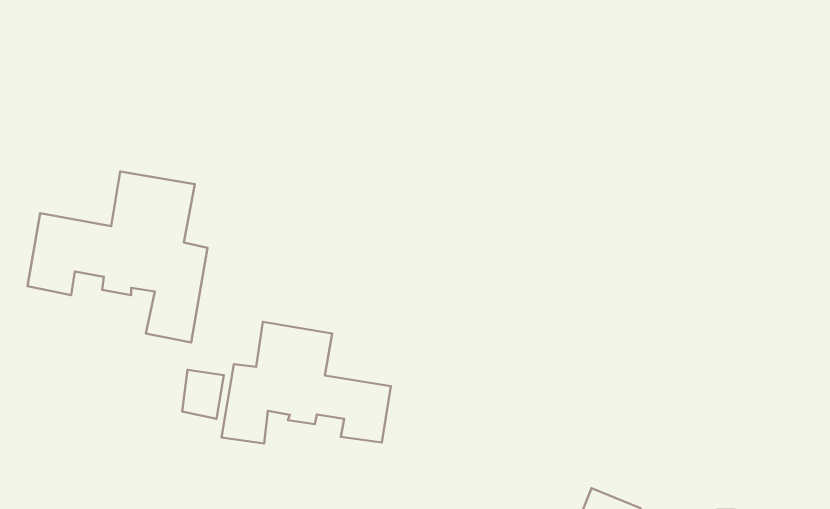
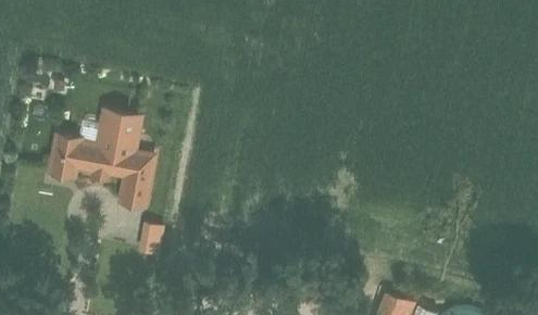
building: [222,322,391,444] -> none

